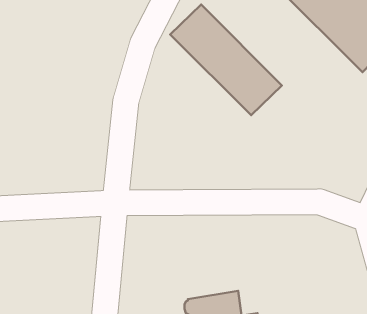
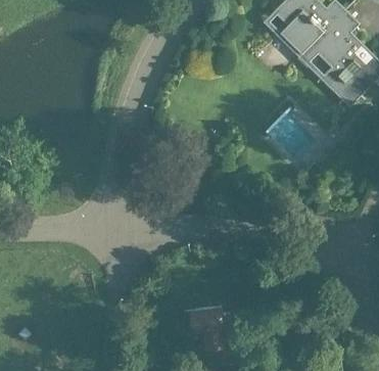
building: [170,5,282,115] -> none

